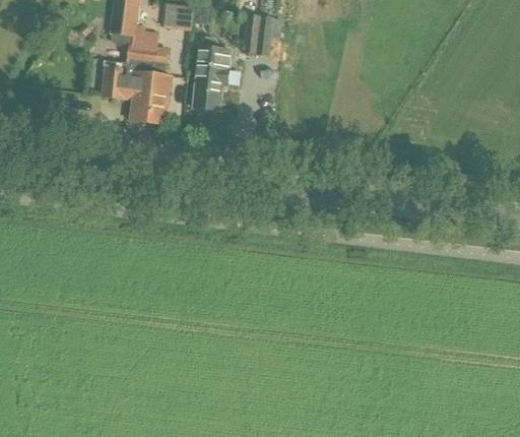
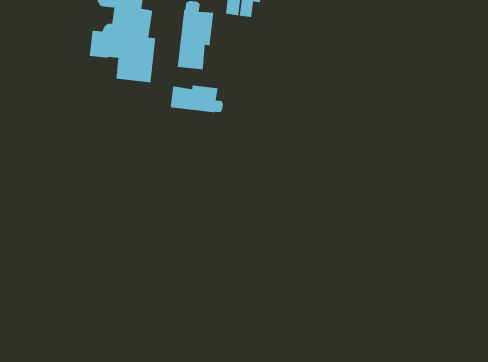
building: none -> [170,84,224,113]

